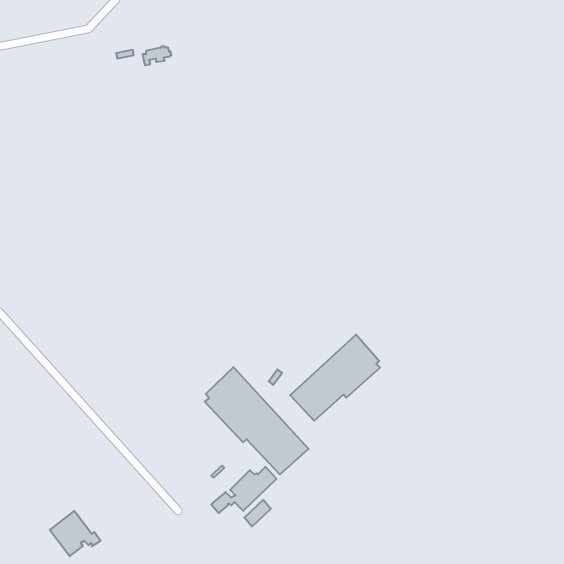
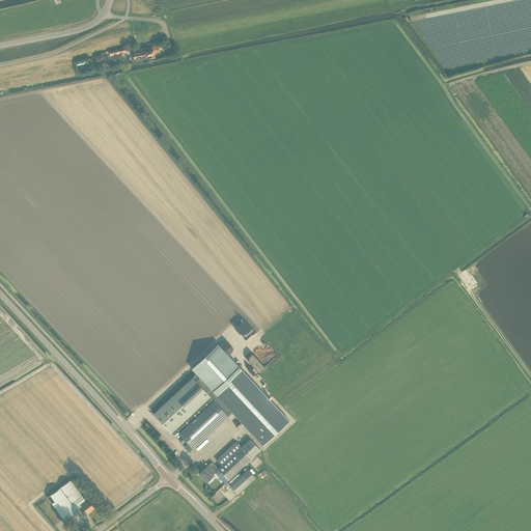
building: [290,334,380,421] -> none
building: none -> [153,376,228,448]

